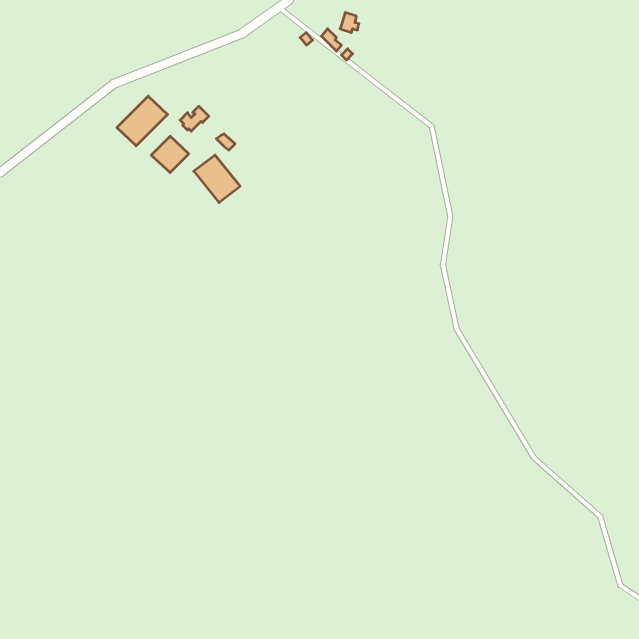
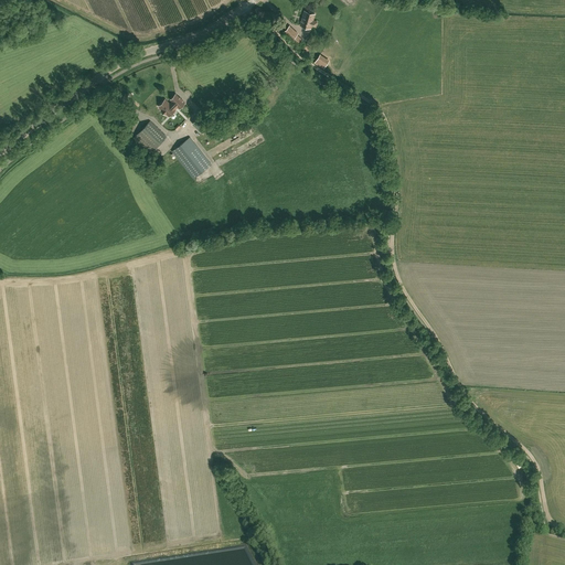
building: [117,96,168,146] -> none

